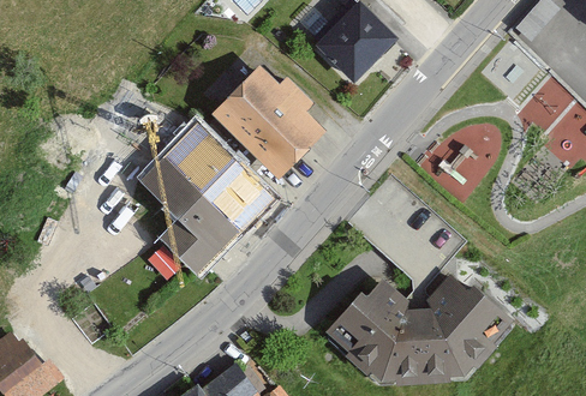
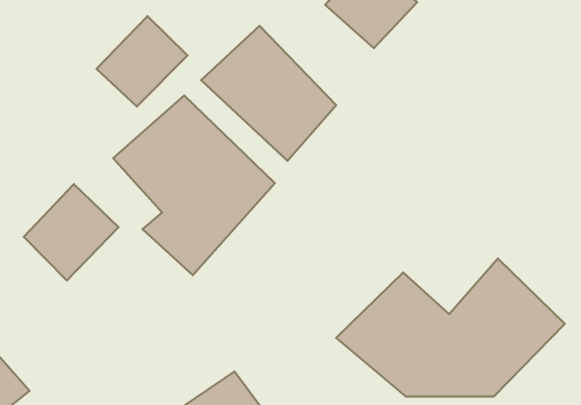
building: none -> [96,16,188,107]
building: none -> [24,184,118,280]

